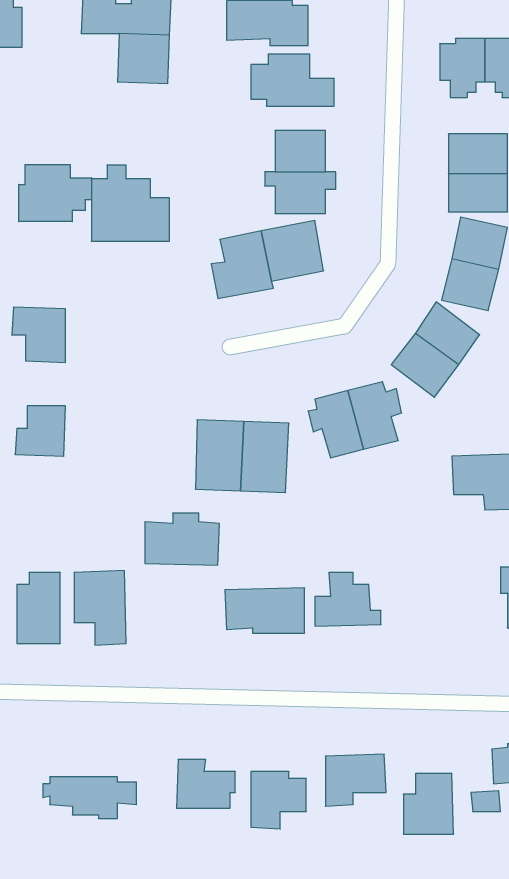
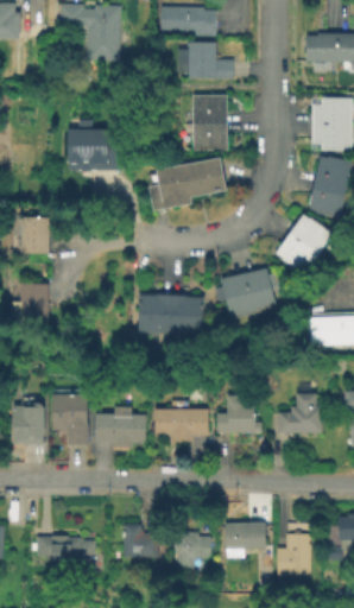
building: [19,165,91,222] -> none
building: [145,513,219,565] -> [97,407,148,443]
building: none -> [282,393,325,433]

